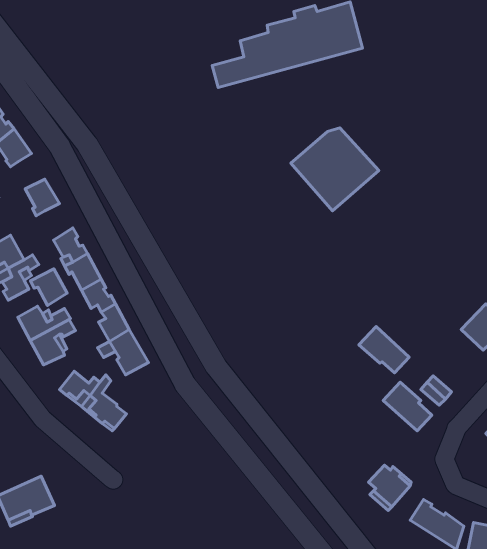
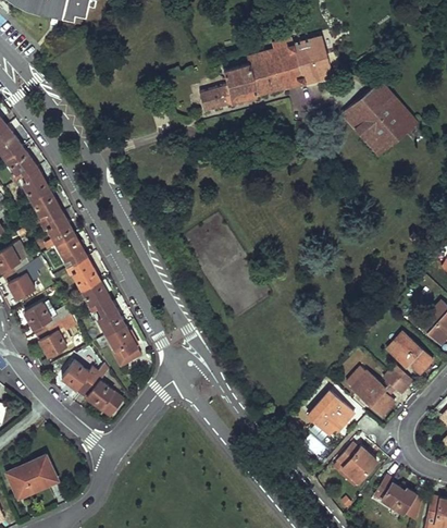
building: [291,128,379,211] -> [339,82,418,156]
building: none -> [23,168,49,199]
building: [30,269,67,305] -> [41,212,74,245]
building: [359,326,409,373] -> [386,332,431,373]
building: none -> [307,391,352,433]

